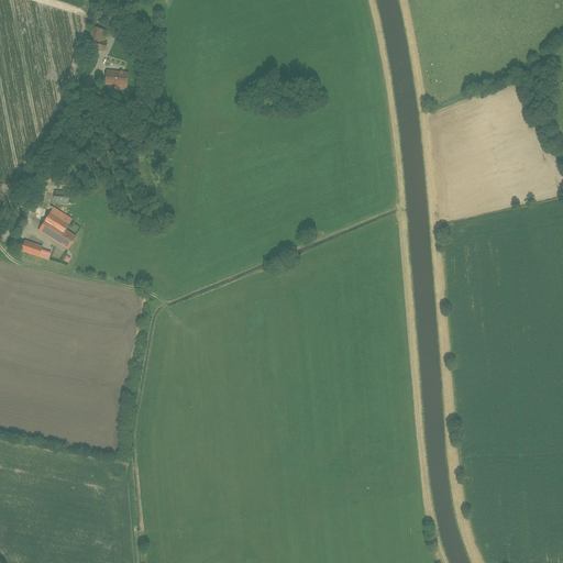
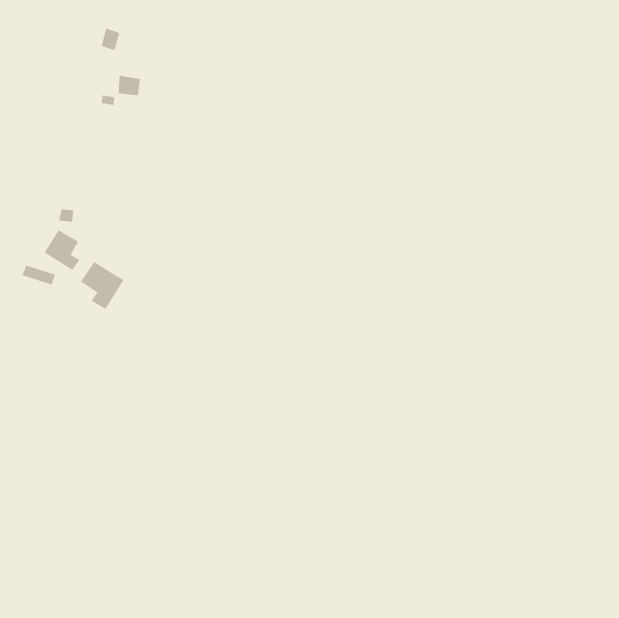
building: none -> [80,261,124,310]

